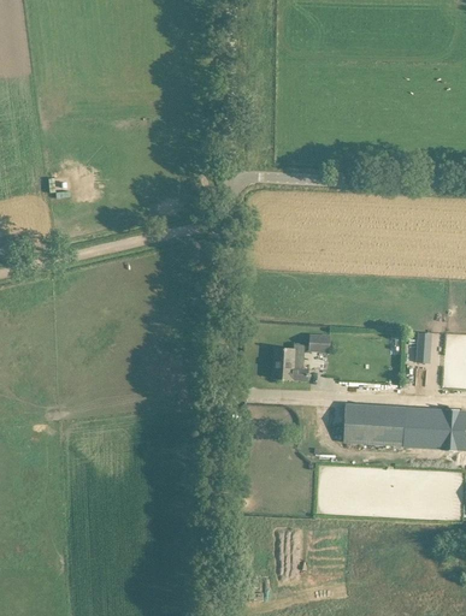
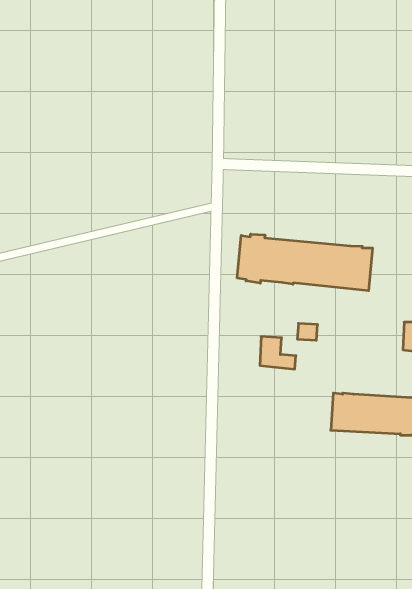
building: none -> [237,234,372,291]

